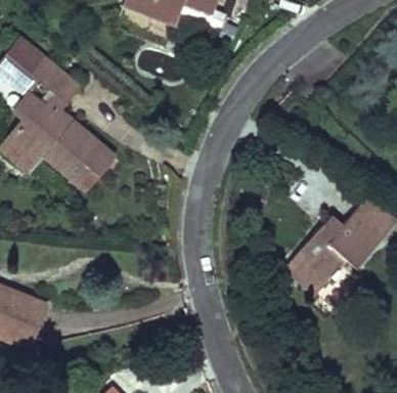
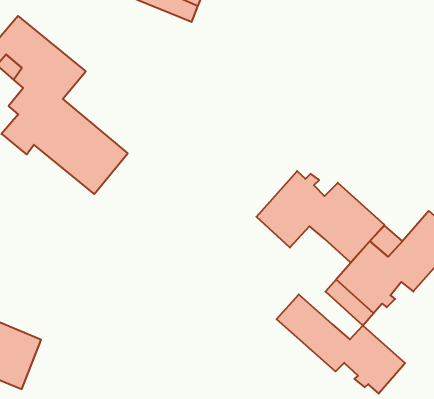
building: none -> [256,171,384,263]
building: none -> [277,294,405,394]

